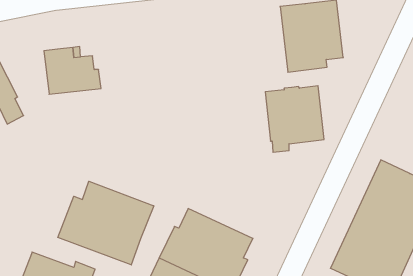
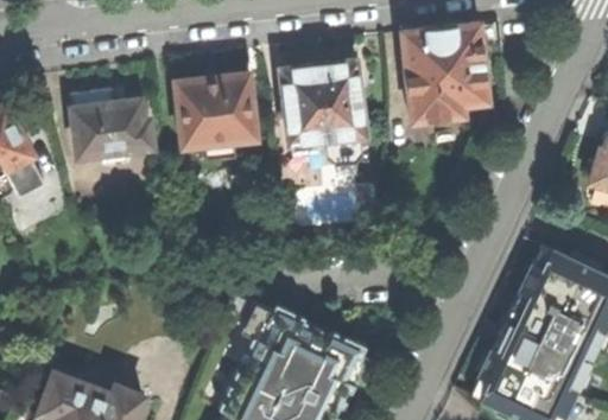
building: none -> [175,70,256,159]
building: [265,86,324,152] -> [281,58,363,151]
building: [58,181,154,265] -> none

